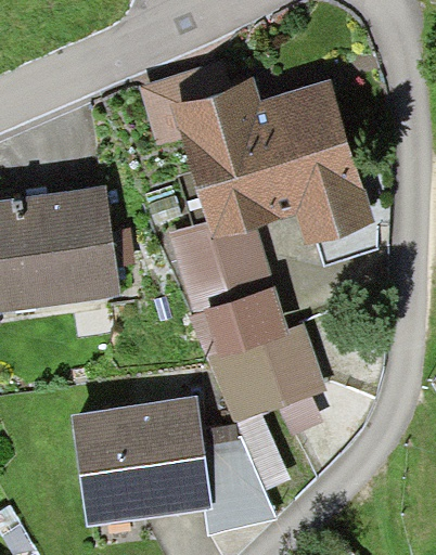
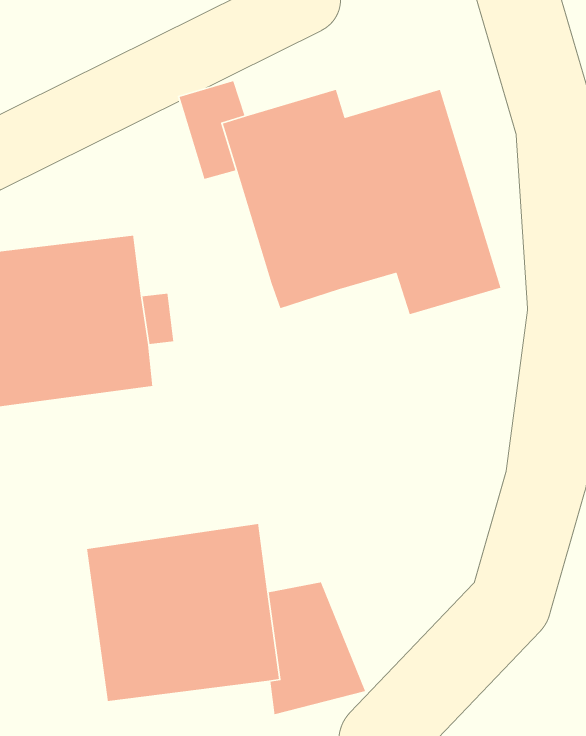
building: [168,221,326,435] -> none

